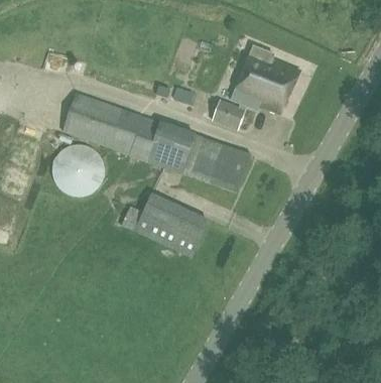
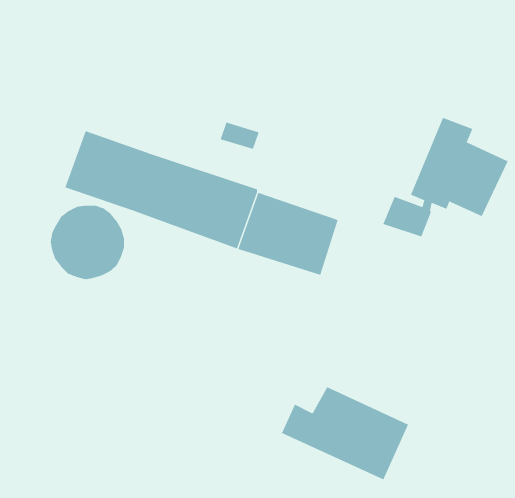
building: [212,46,298,129] -> [382,117,508,237]
building: [121,194,209,258] -> [281,386,409,480]

